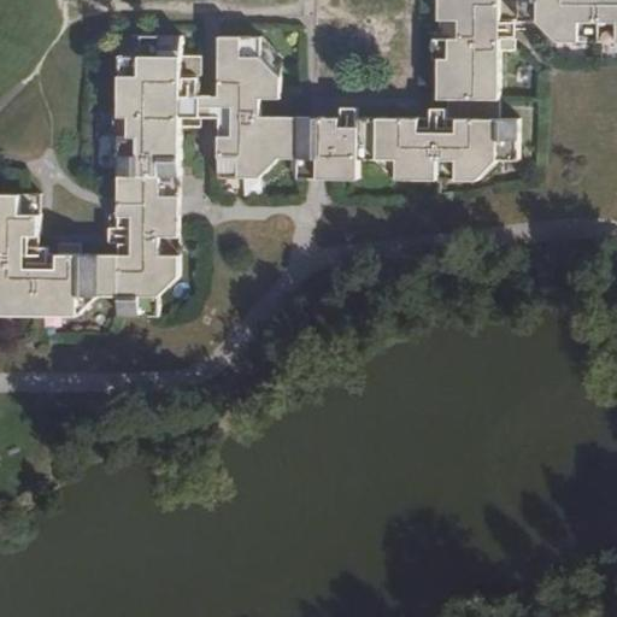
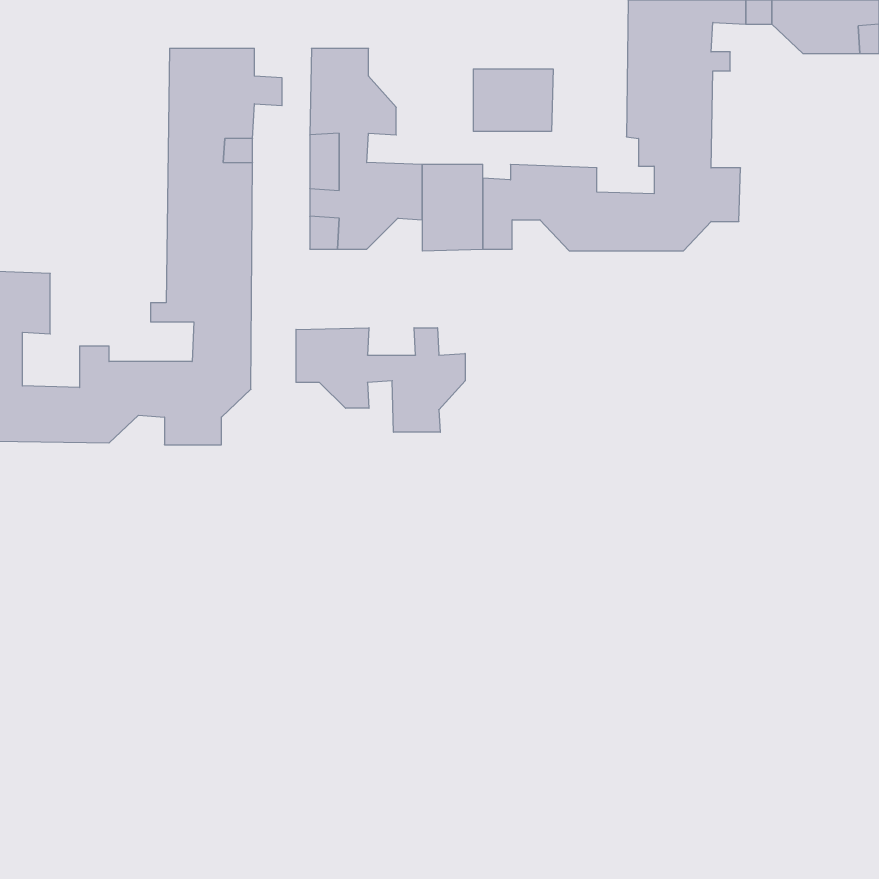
building: none -> [473,69,553,131]
building: none -> [296,328,465,432]

